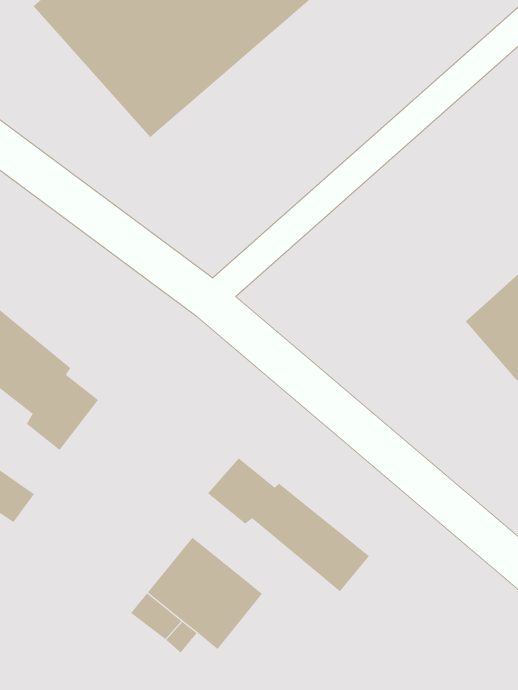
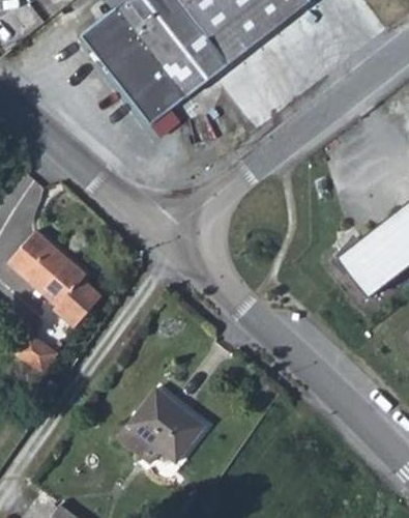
building: [207,457,370,592] -> none

